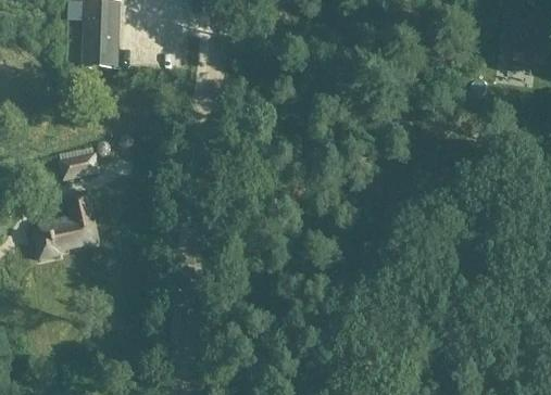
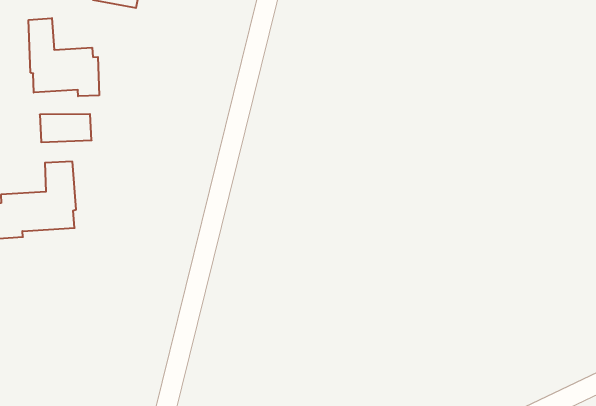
building: none -> [29,18,99,96]

